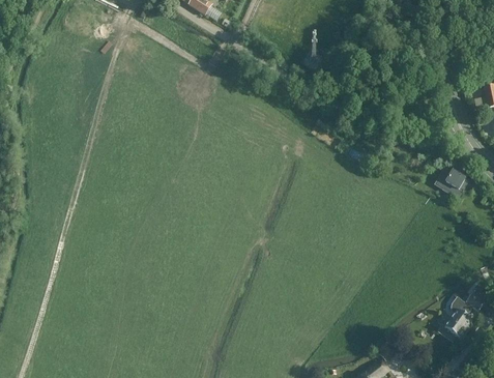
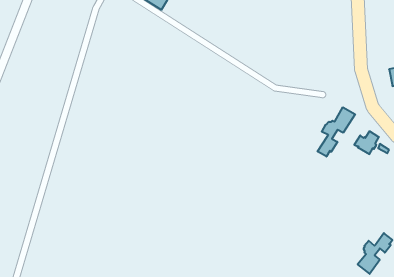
building: none -> [318,107,355,157]

